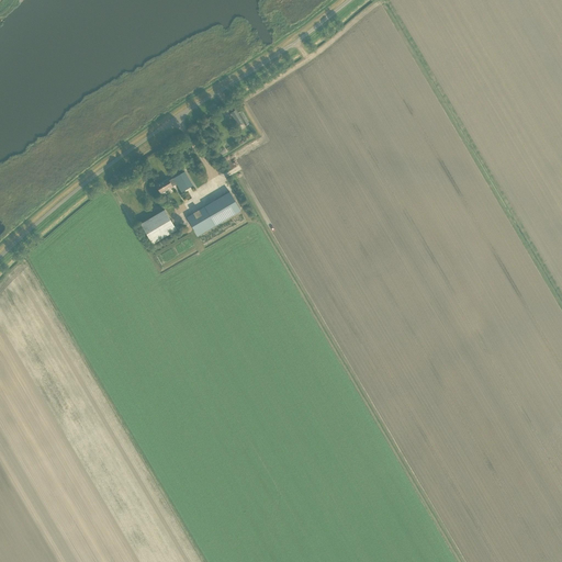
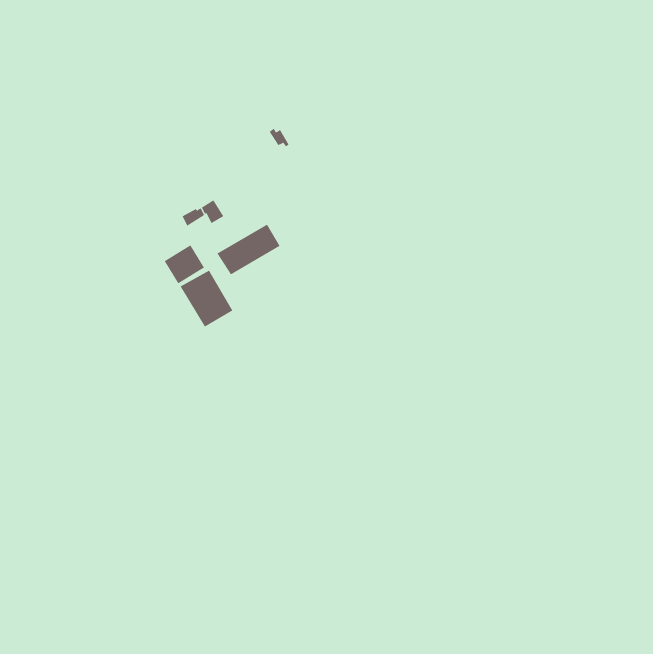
building: none -> [180,270,233,328]

